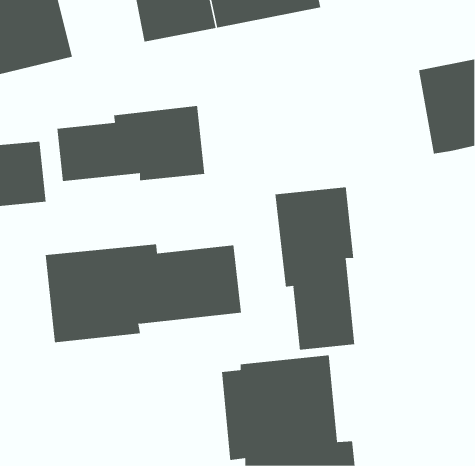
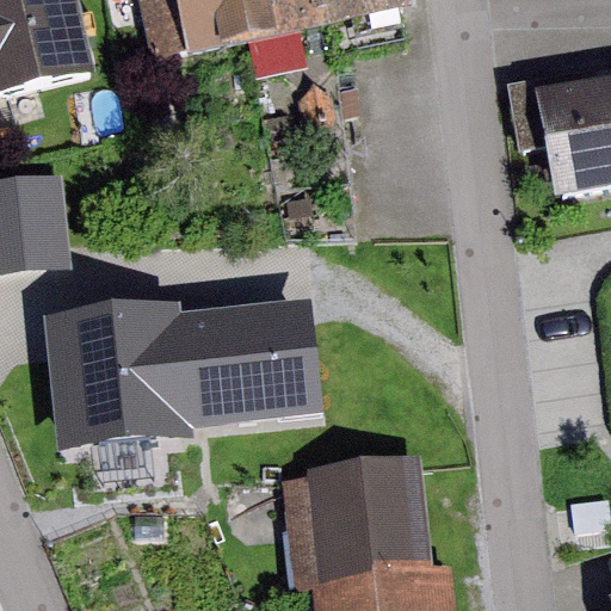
building: [57,105,205,182] -> none
building: [275,186,355,351] -> none

